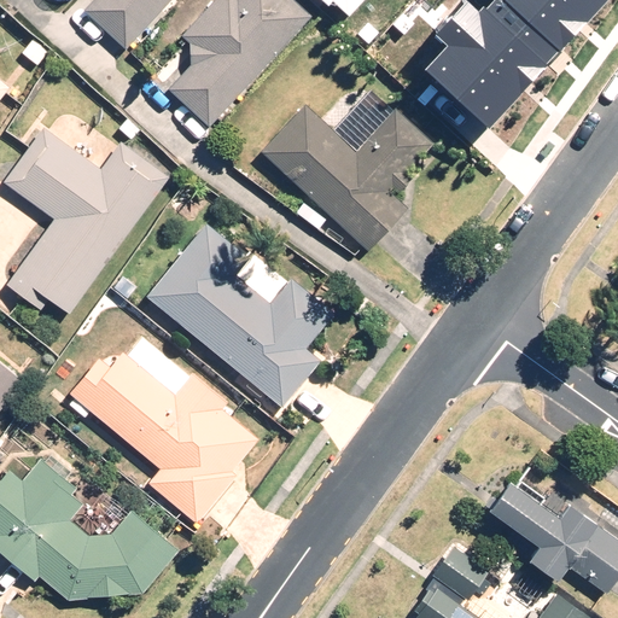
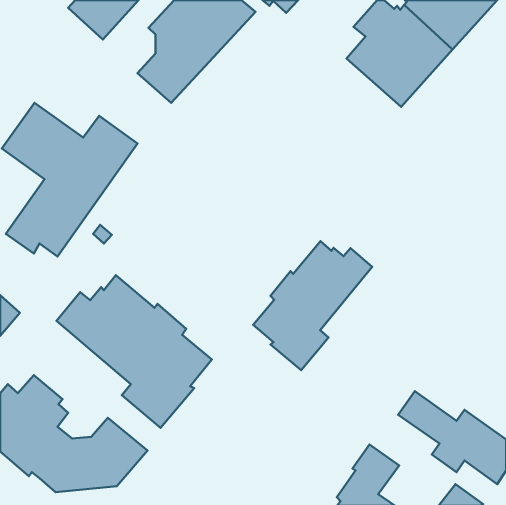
building: [261,105,433,251] -> none
building: [146,225,336,408] -> none
building: none -> [253,241,372,370]

